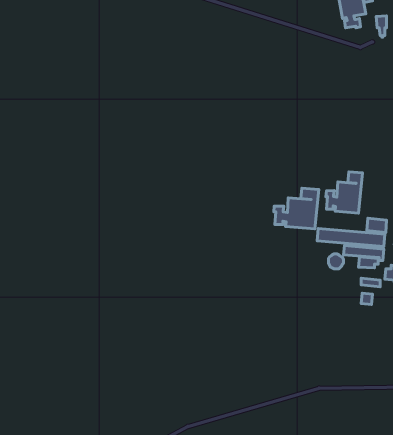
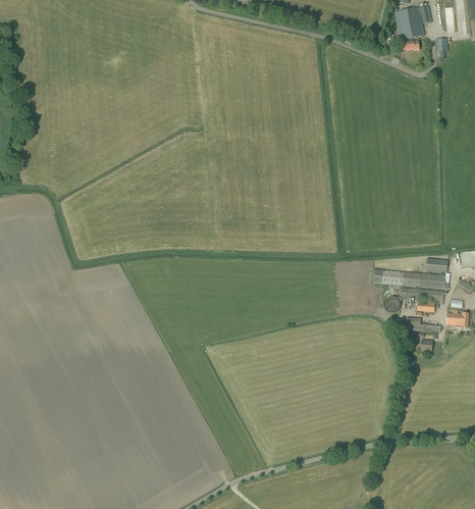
building: [326,172,362,213] -> none
building: [274,188,319,229] -> none

